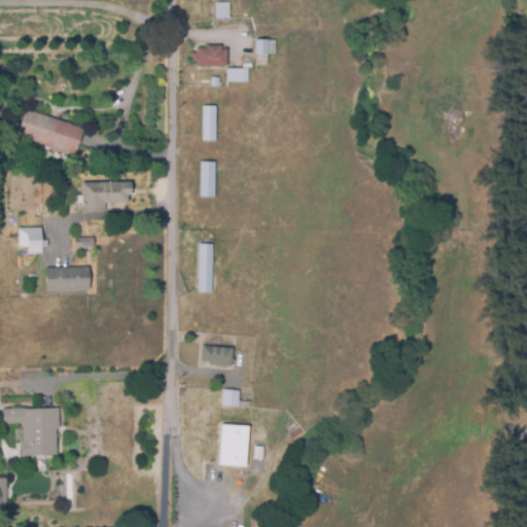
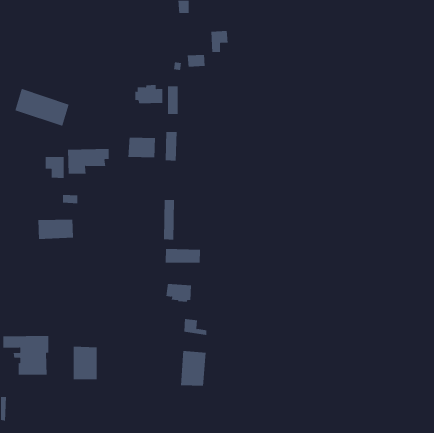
building: [192,43,227,67] -> [134,84,163,104]
building: none -> [128,137,155,158]
building: [19,227,42,254] -> [45,157,64,179]
building: none -> [165,248,201,264]
building: none -> [73,346,97,380]

